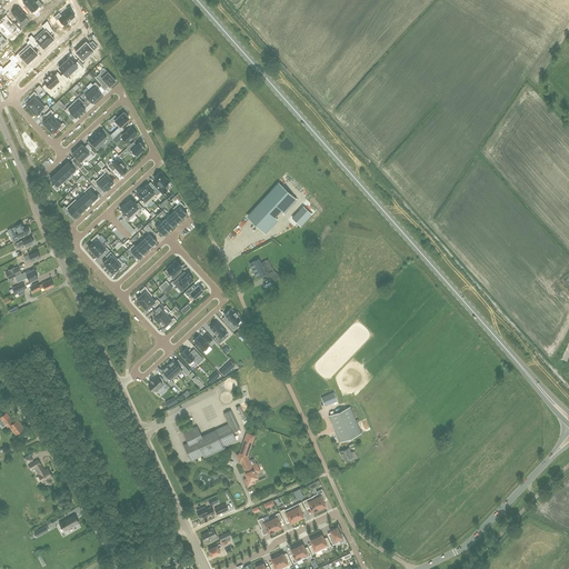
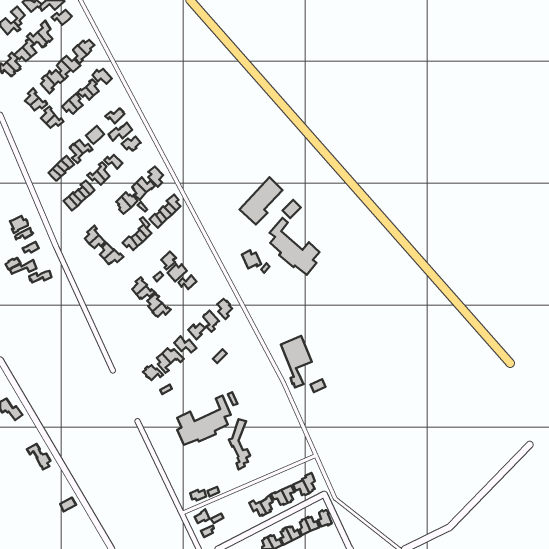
building: none -> [270,218,319,275]
building: [329,407,361,460] -> [281,336,312,387]

